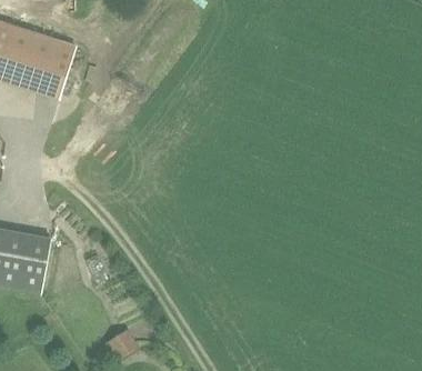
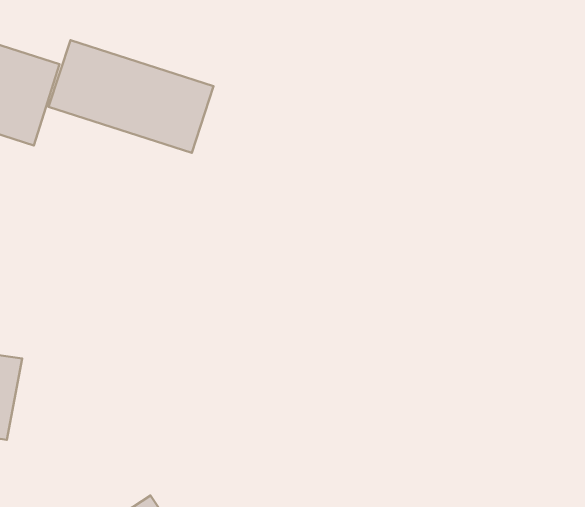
building: none -> [49,40,214,153]

